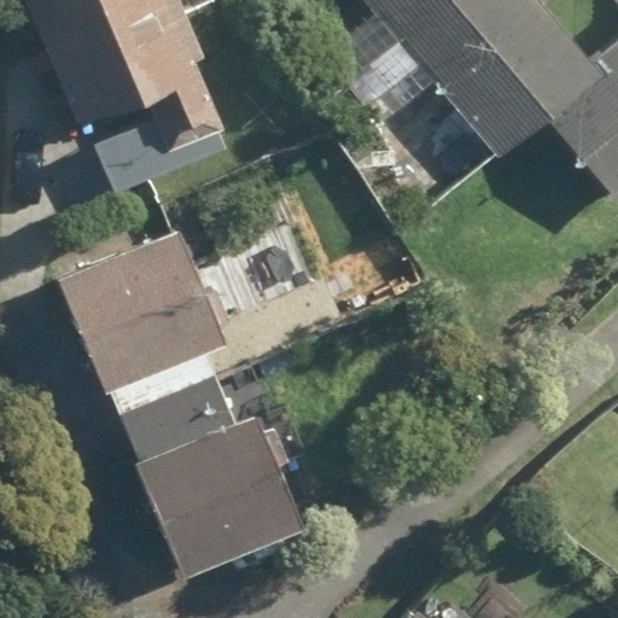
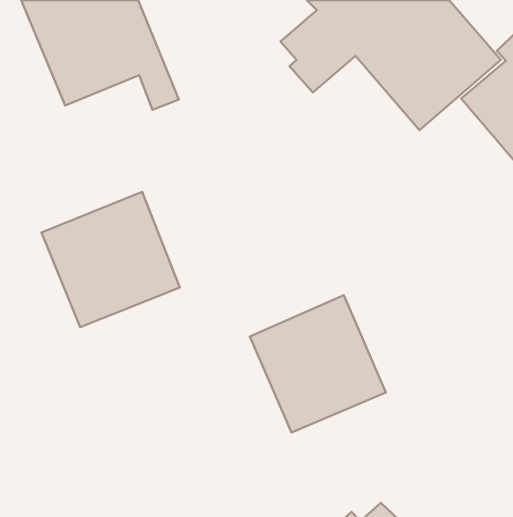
building: none -> [250,295,386,433]
building: [139,416,296,576] -> none

